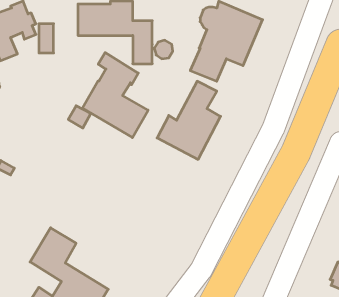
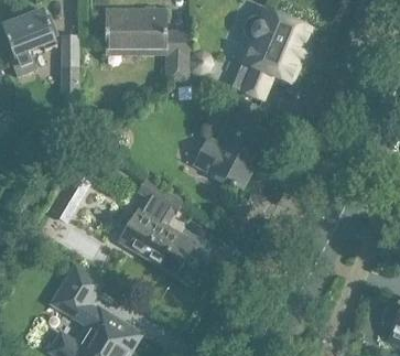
building: [83,53,148,138] -> [119,177,193,273]

